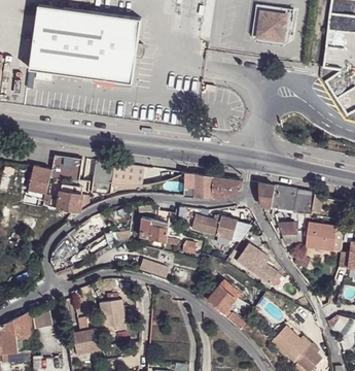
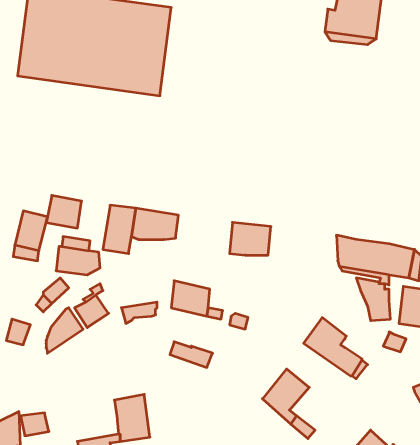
building: [210,177,242,199] -> none
building: [191,214,238,241] -> none

